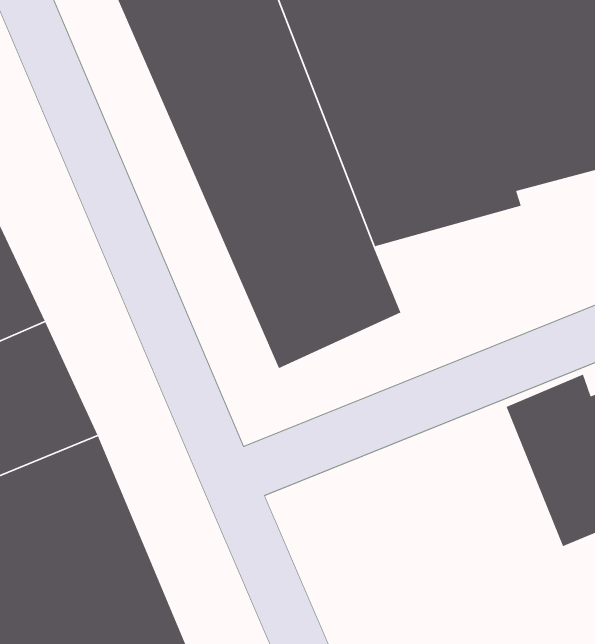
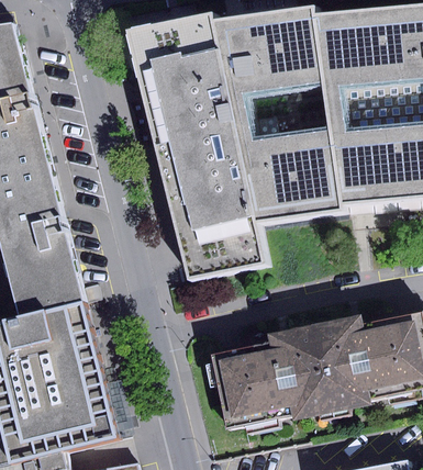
building: none -> [209,323,334,427]

